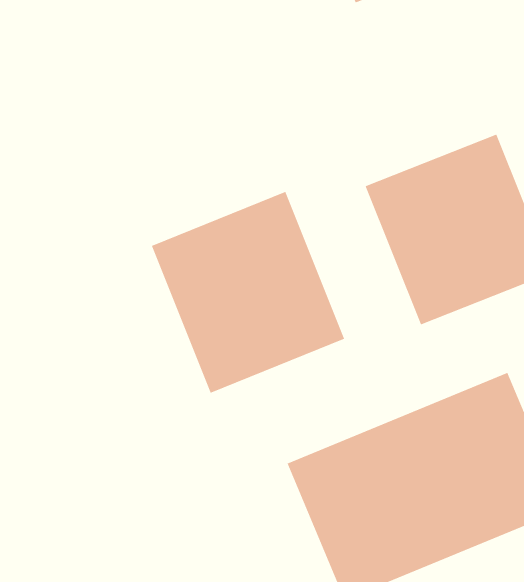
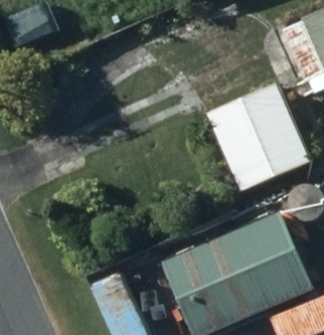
building: [151,191,345,394] -> none

